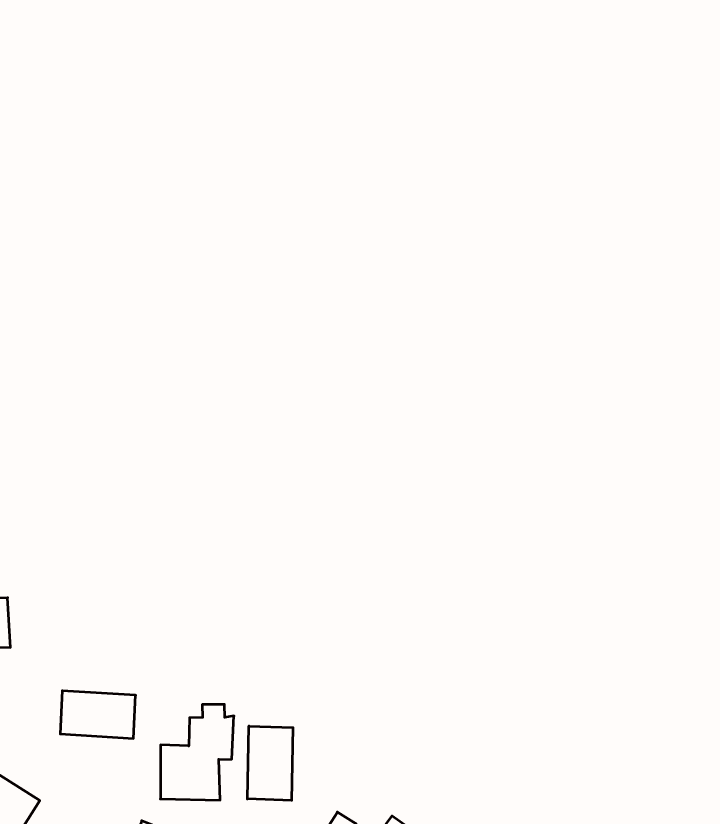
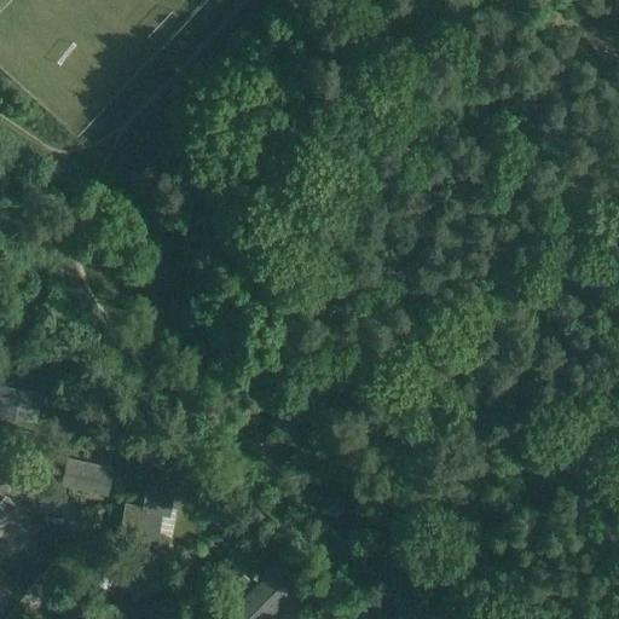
building: [247,726,293,800] -> none

